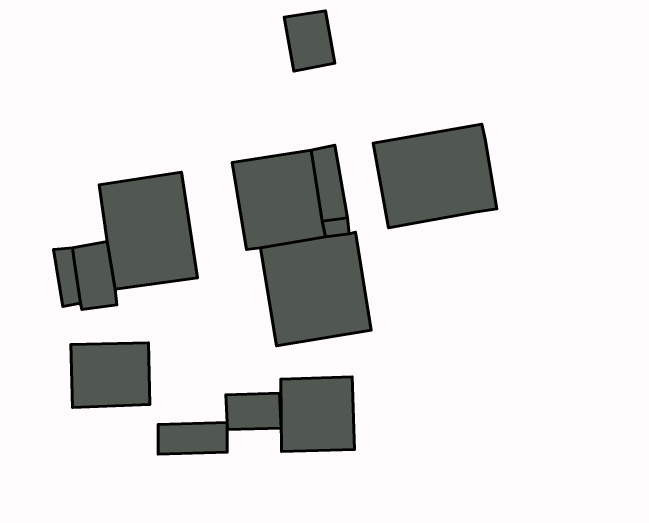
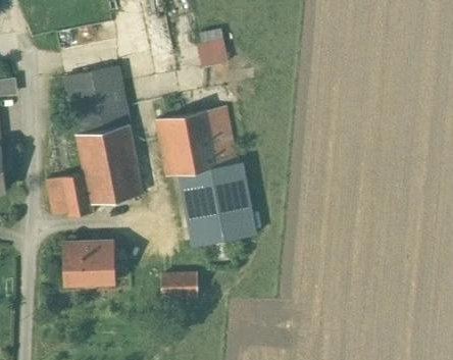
building: none -> [69,71,132,139]
building: [373,124,497,228] -> none
building: [281,377,355,451] -> none
building: [158,422,227,454] -> none

